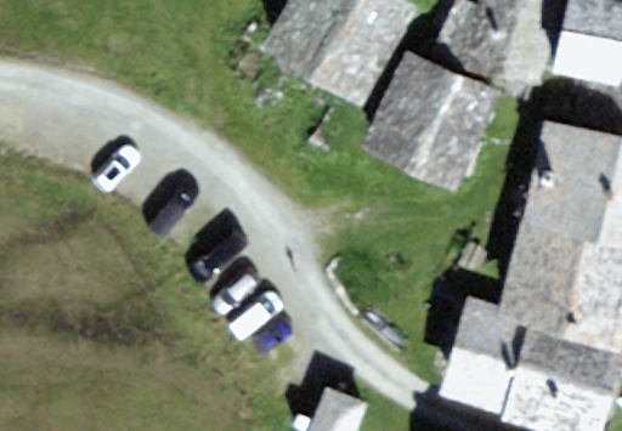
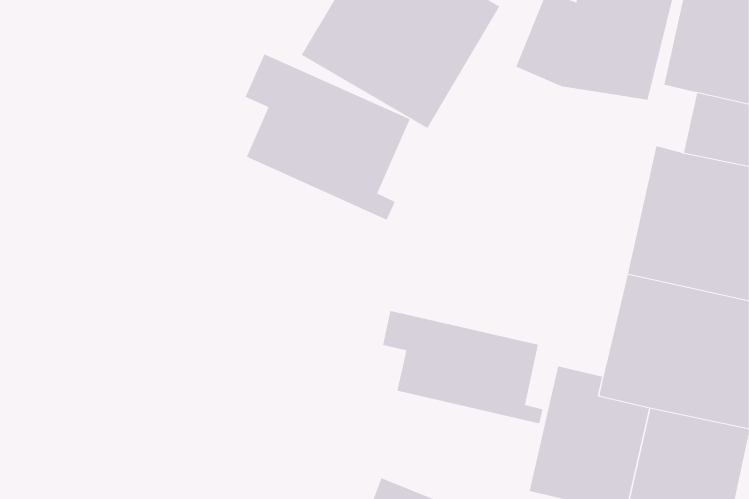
building: none -> [245,53,411,220]
building: [360,50,502,193] -> none
building: none -> [382,310,543,424]

